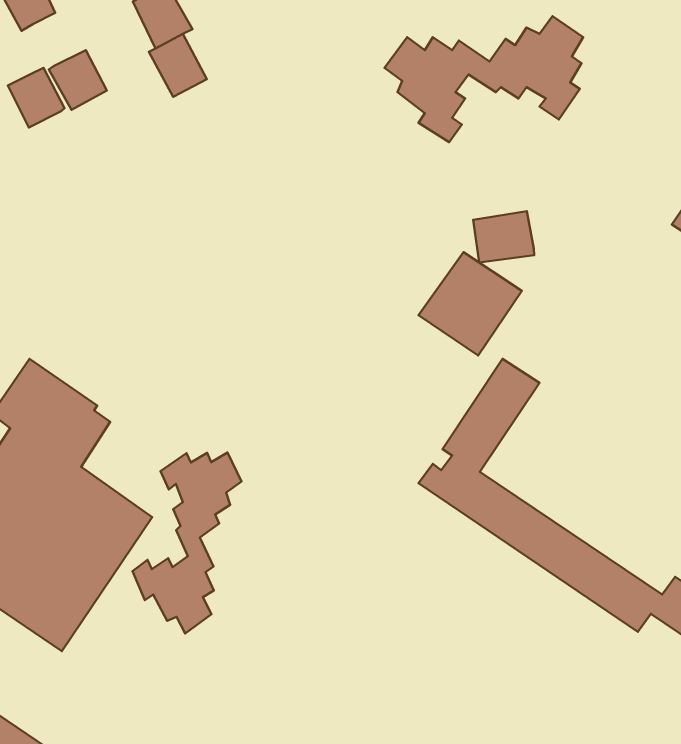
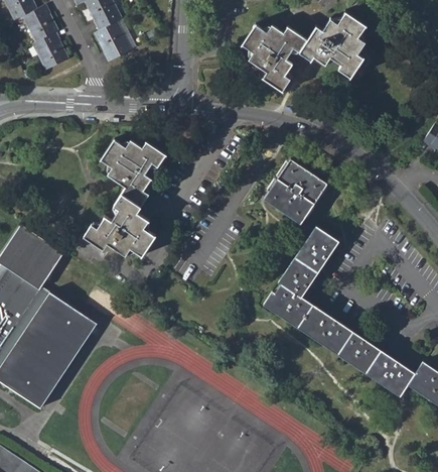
building: [8,68,64,127] -> [22,6,57,43]
building: [473,211,534,262] -> none
building: none -> [84,140,166,256]
building: [132,452,241,634] -> none

